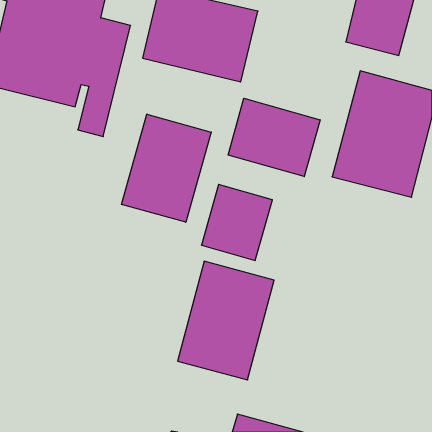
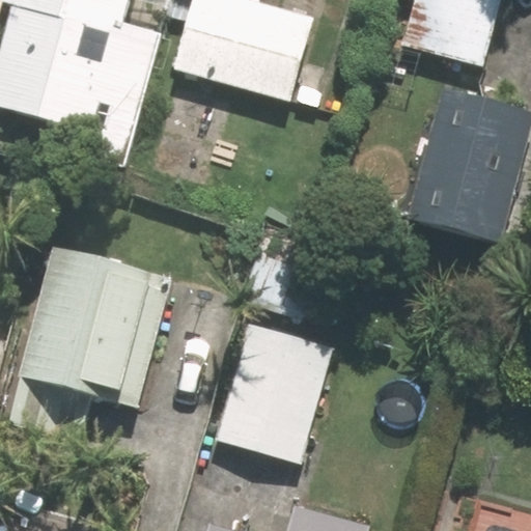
building: [228,98,320,177] -> none
building: [121,114,211,222] -> none
building: none -> [7,246,178,449]

